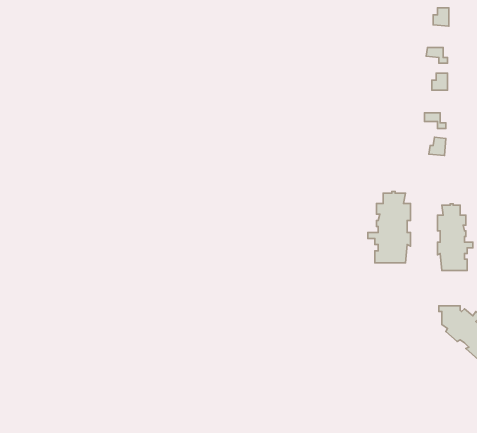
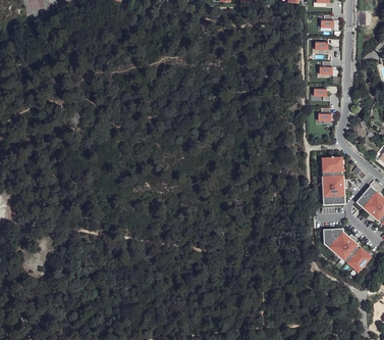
building: [368,192,410,263] -> none

